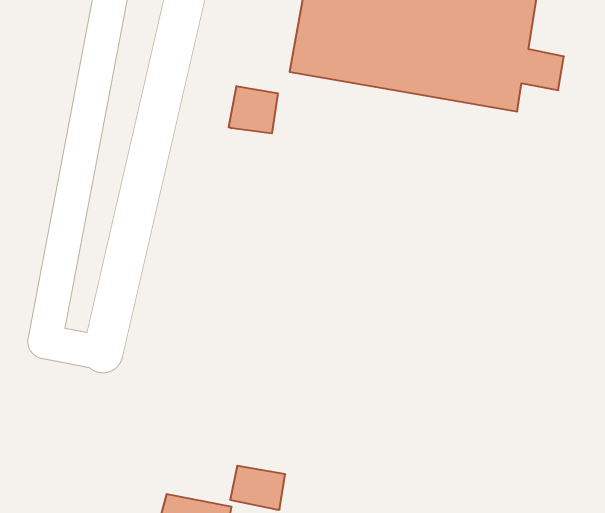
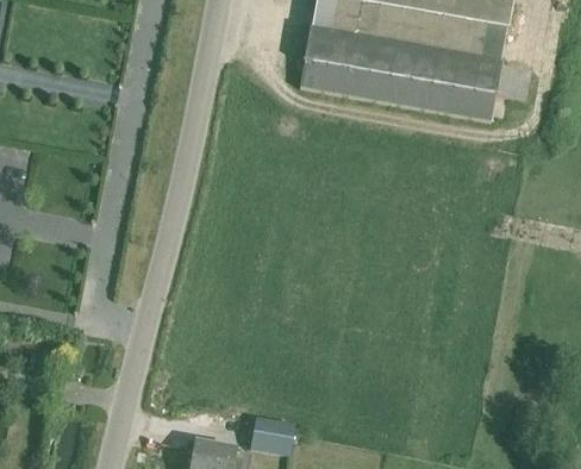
building: [229,86,278,133] -> none

